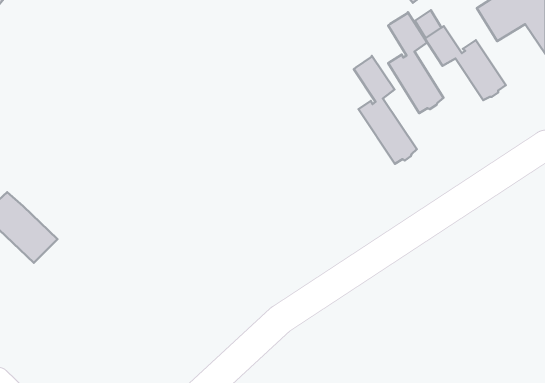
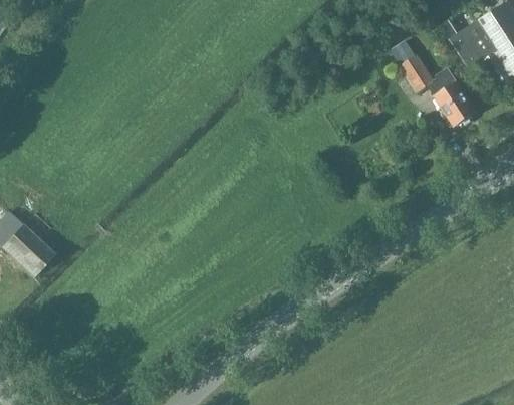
building: [388,12,443,113] -> none
building: [354,56,417,164] -> none

